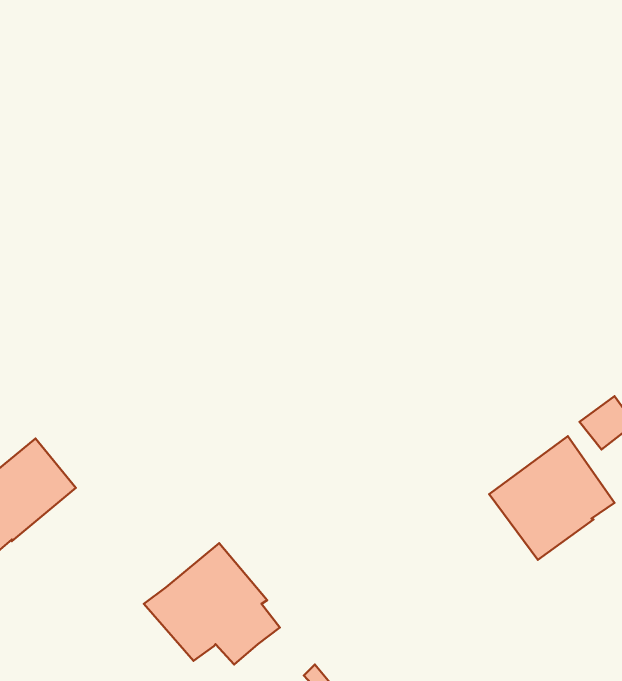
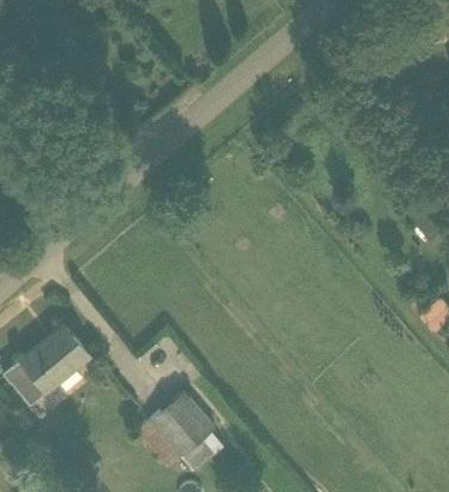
building: [489,436,614,560] -> none

